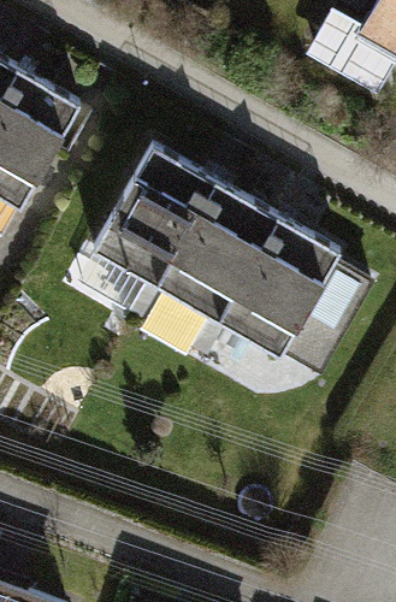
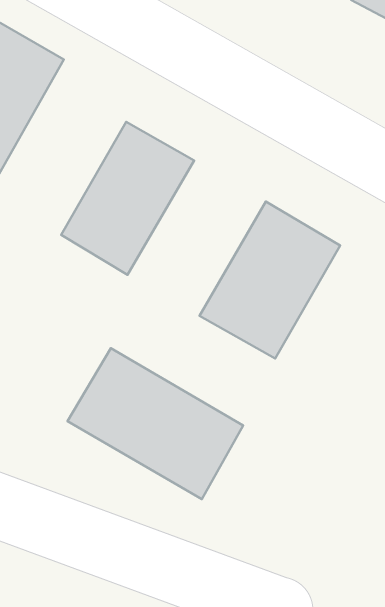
building: [148,187,273,327] -> none
building: none -> [68,348,243,499]

